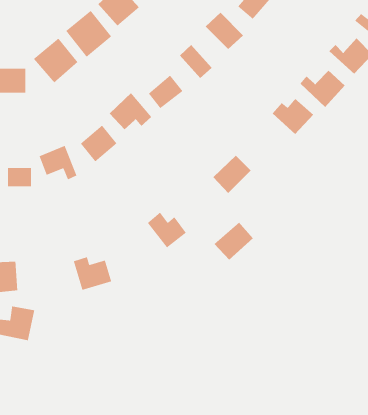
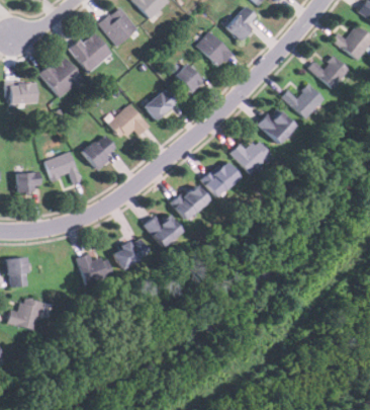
building: none -> [230,140,269,174]
building: [213,221,254,261] -> [172,184,208,220]
building: none -> [111,237,148,268]

